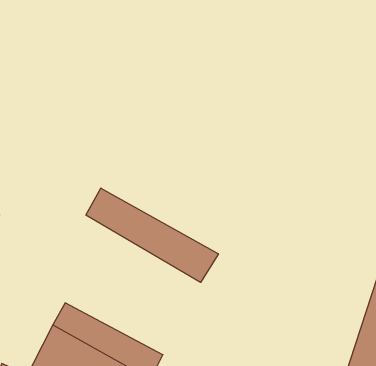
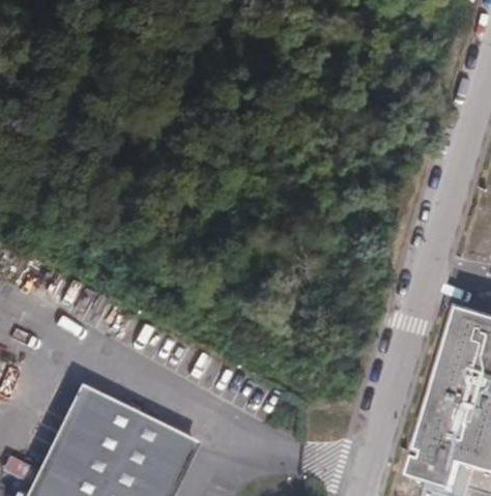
building: [86,188,218,282] -> none

